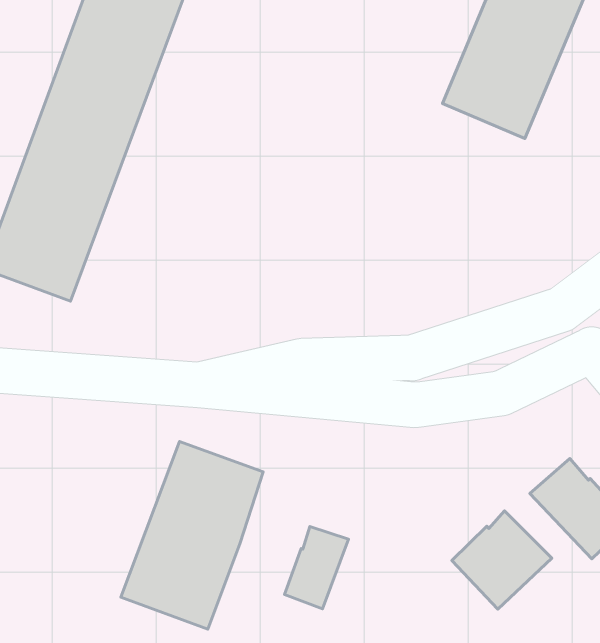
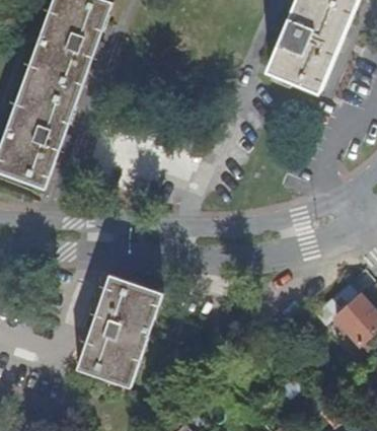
building: [452,511,552,609] -> none
building: [285,527,349,609] -> none

